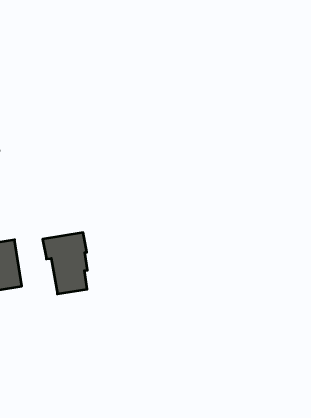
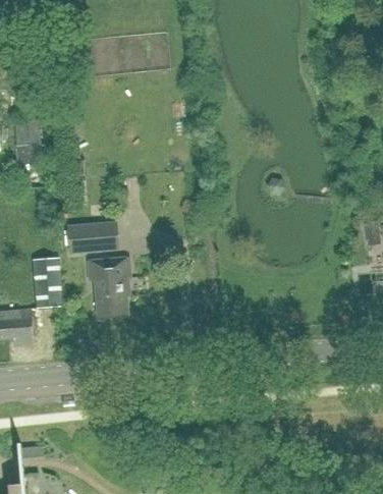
building: none -> [66,221,118,255]

